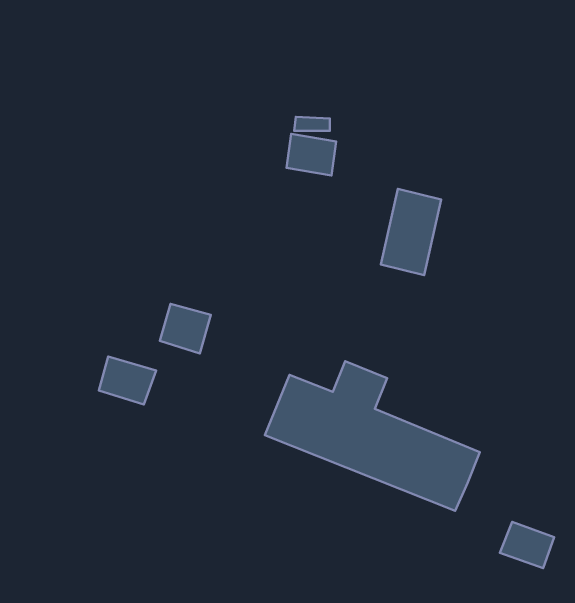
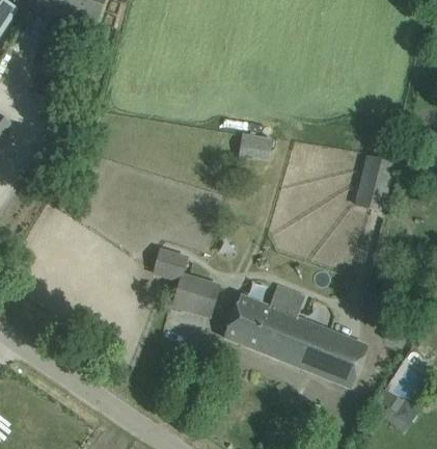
building: [381,189,441,275] -> [354,154,394,212]
building: [99,357,156,405] -> [179,281,217,313]

